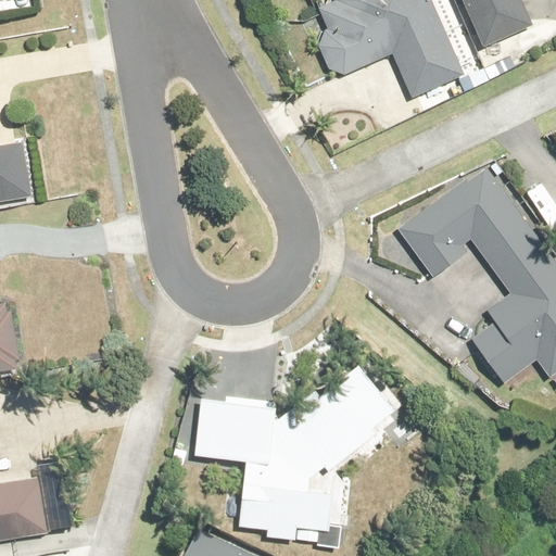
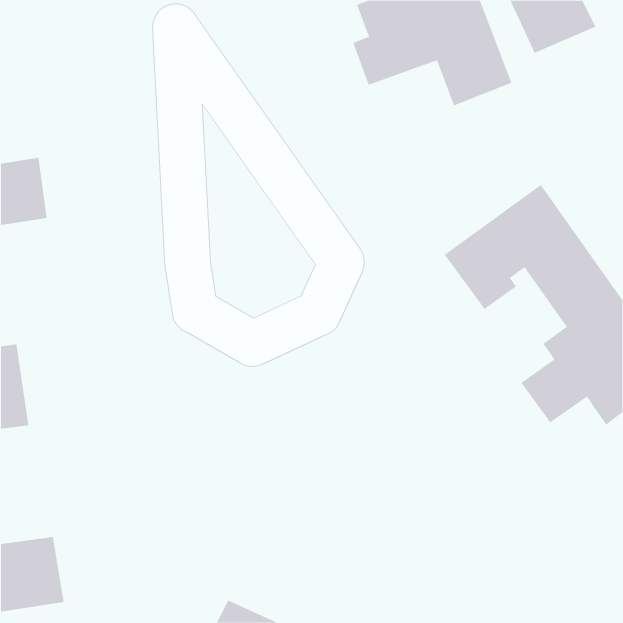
building: [207,366,405,547] -> none

